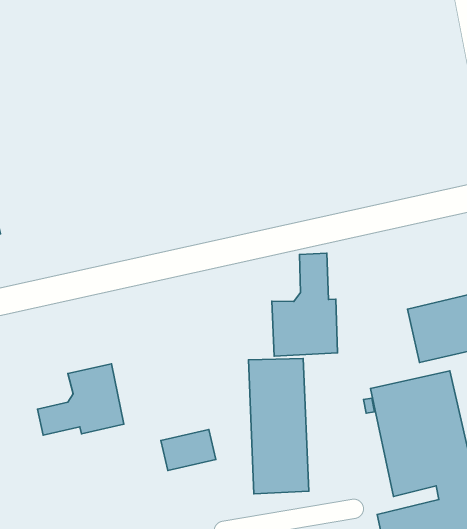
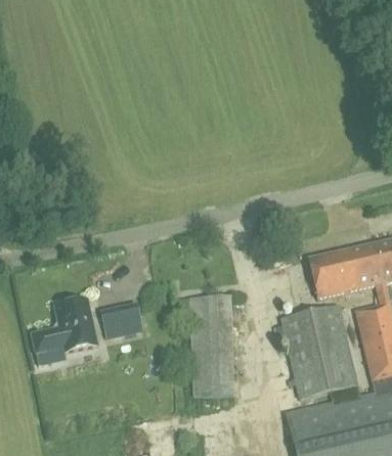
building: [272,253,338,356] -> none
building: [161,429,216,471] -> [104,306,145,336]

